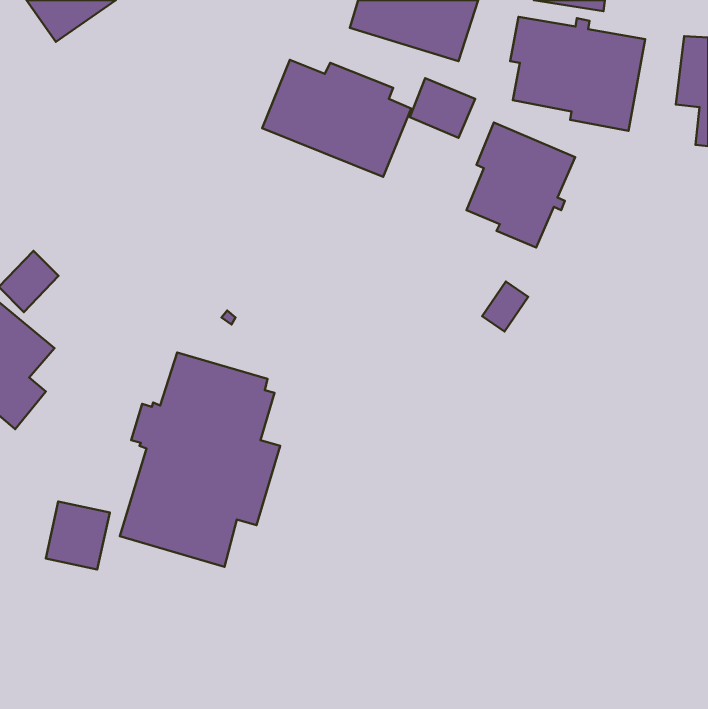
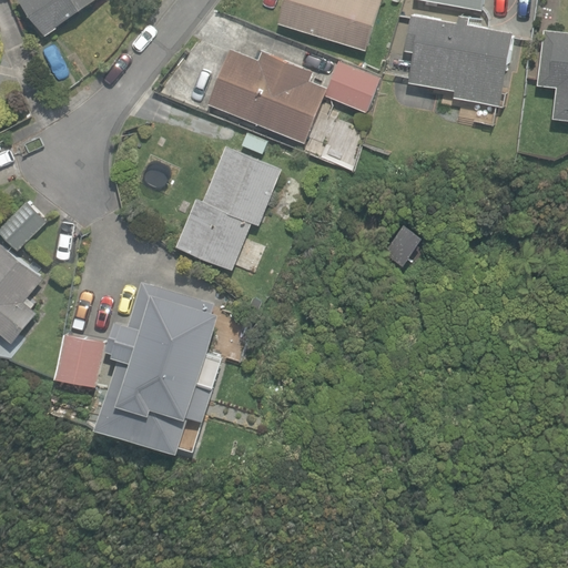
building: [466,123,575,247] -> none
building: none -> [176,141,282,264]
building: [46,501,110,570] -> [53,335,104,389]

